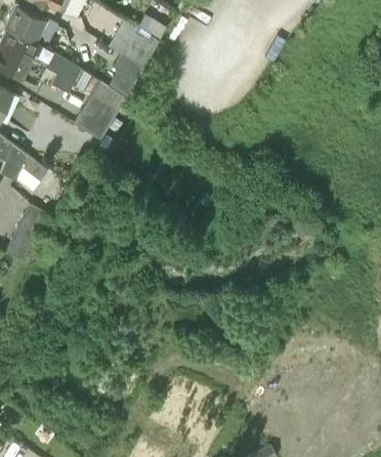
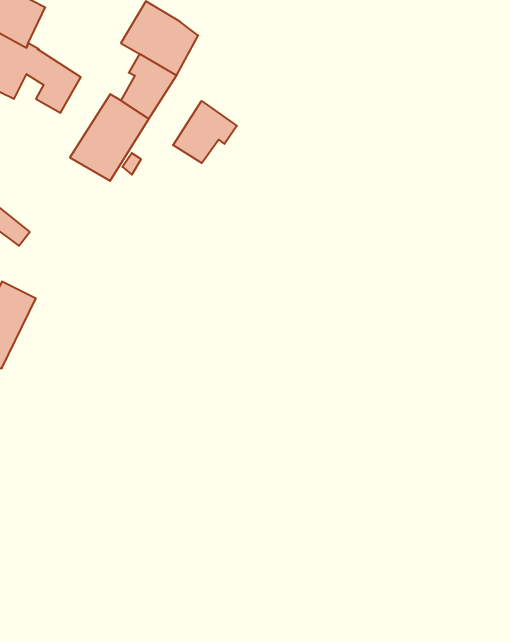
building: none -> [173,101,237,163]

